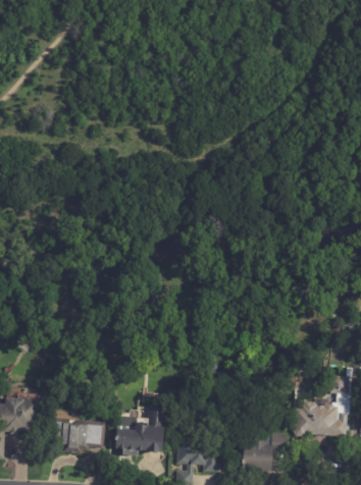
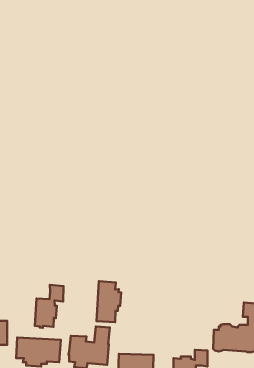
building: none -> [96,281,121,322]
building: none -> [35,285,64,328]

